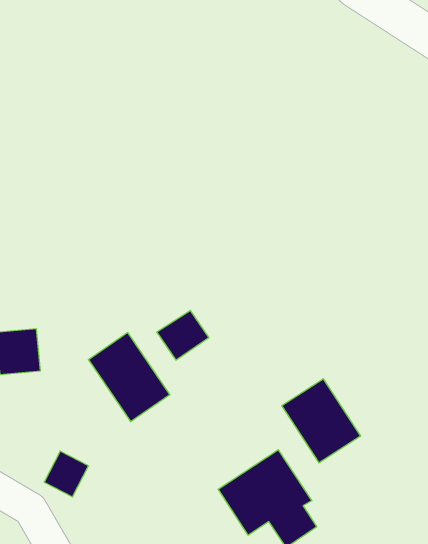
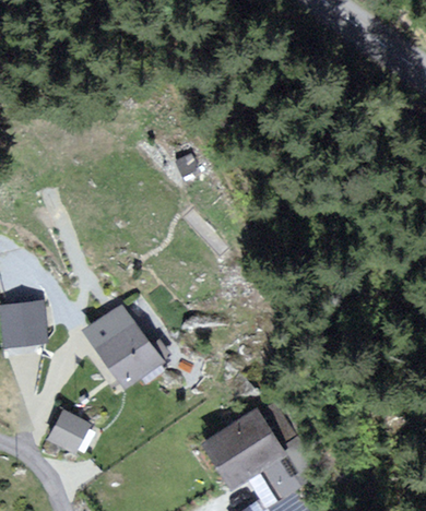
building: [157,310,209,360] -> none
building: [282,379,360,463] -> none

